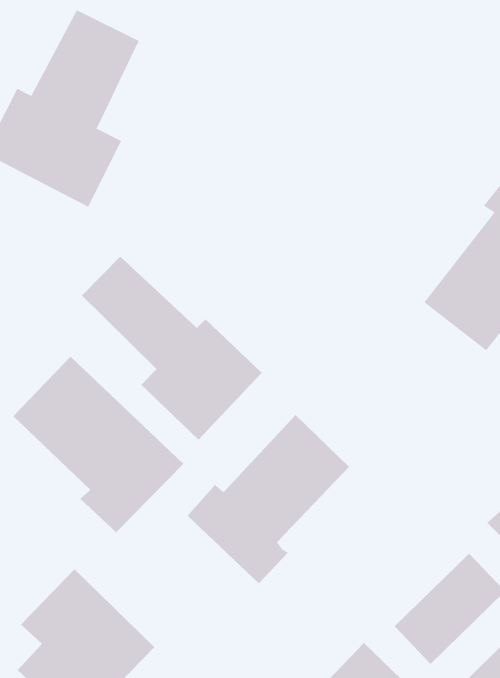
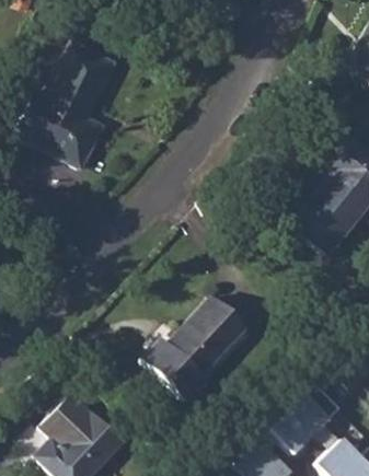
building: [81,256,263,441] -> none
building: [12,356,184,533] -> none

